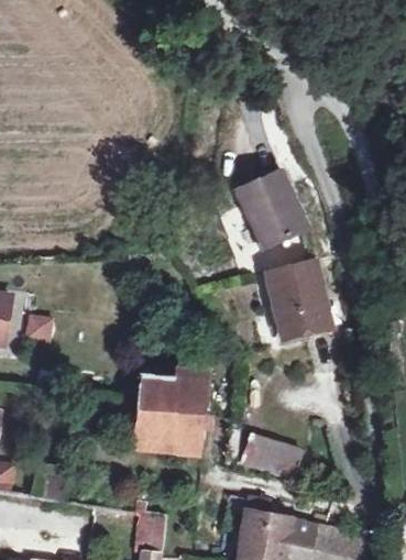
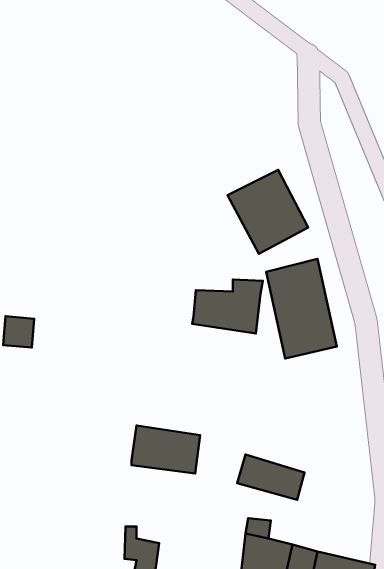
building: [144,369,209,418] -> [192,279,263,334]

